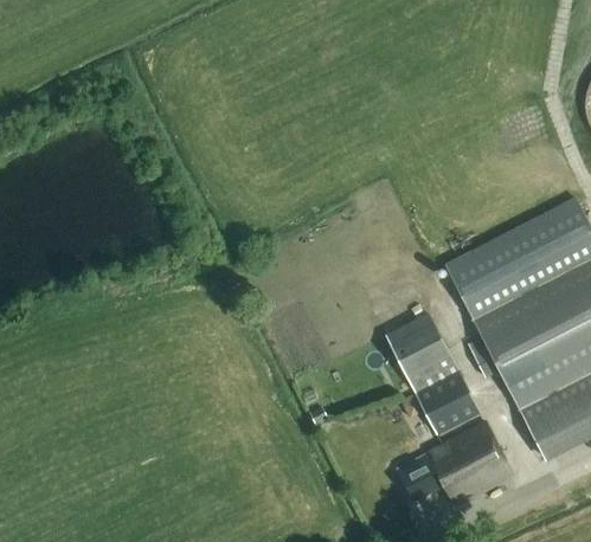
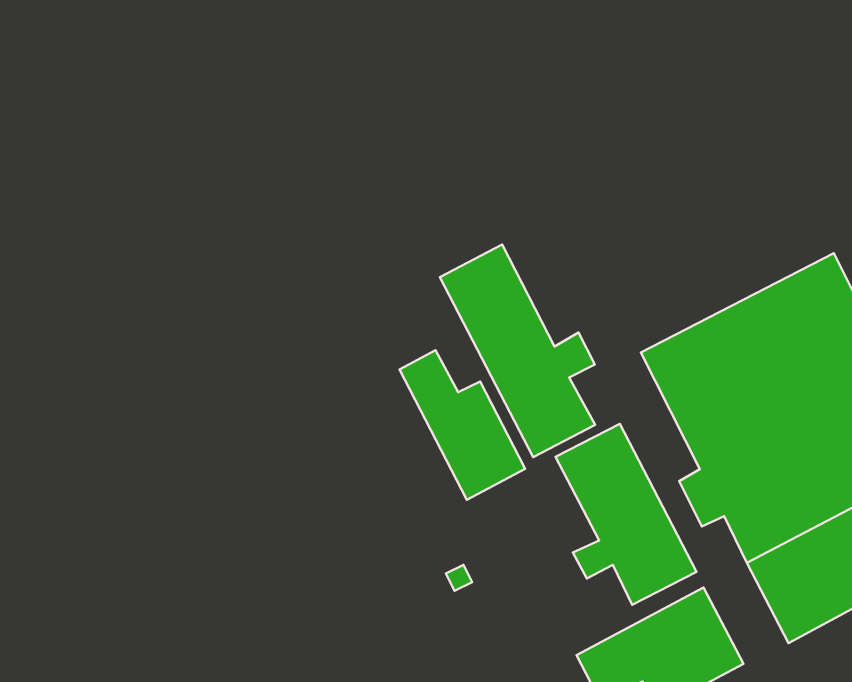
building: none -> [440,245,595,457]
building: none -> [400,350,525,500]

